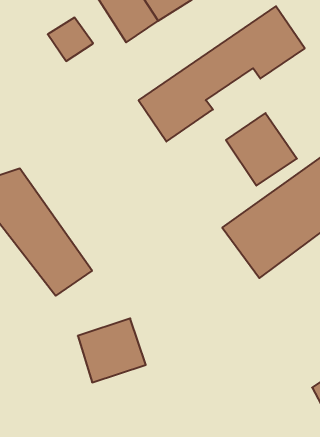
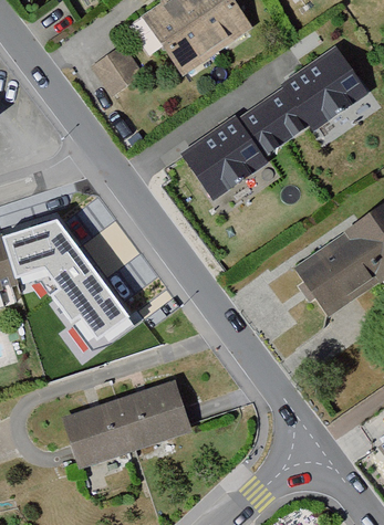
building: [226,113,297,186] -> none
building: none -> [66,395,138,463]

